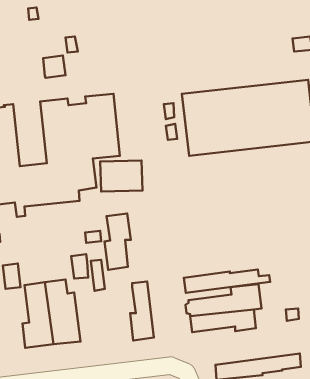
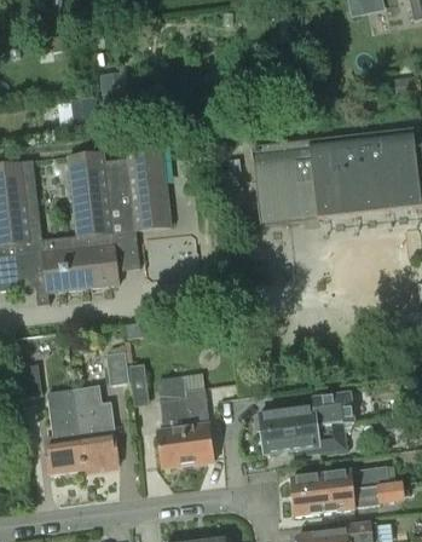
building: [105,213,131,270] -> [156,396,190,468]
building: [184,270,270,293] -> [290,466,401,496]

